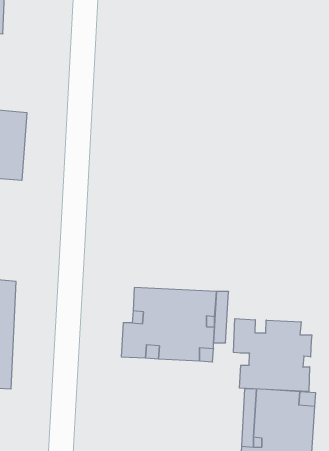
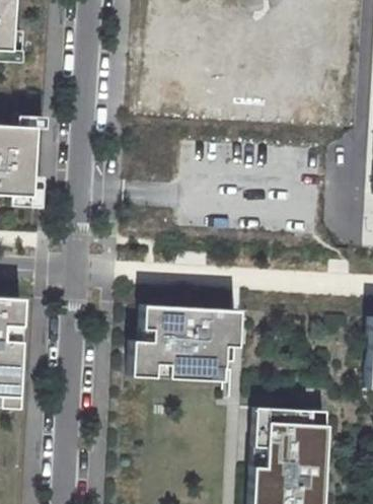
building: [233,319,312,392] -> none

